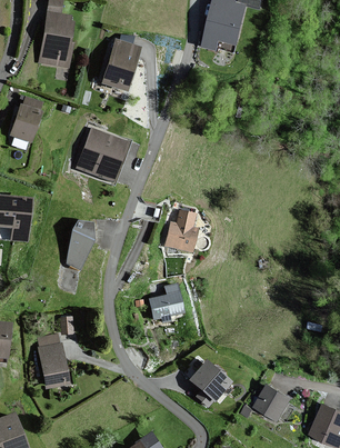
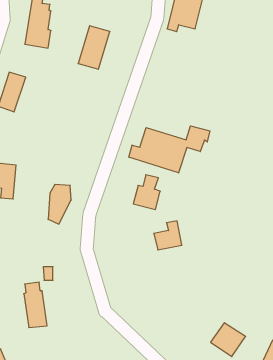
building: [78,130,127,179] -> none
building: none -> [129,126,210,173]
building: [149,285,181,318] -> [154,221,182,250]
building: [188,365,227,404] -> none

